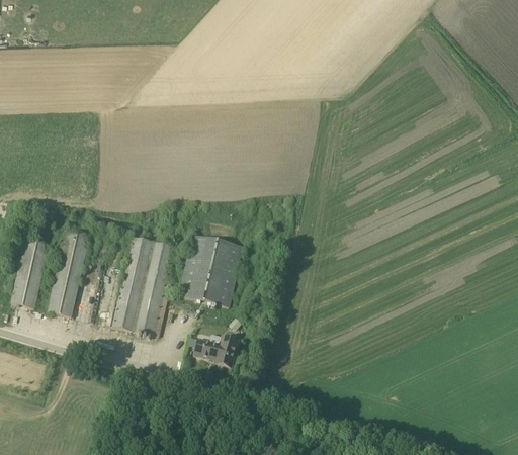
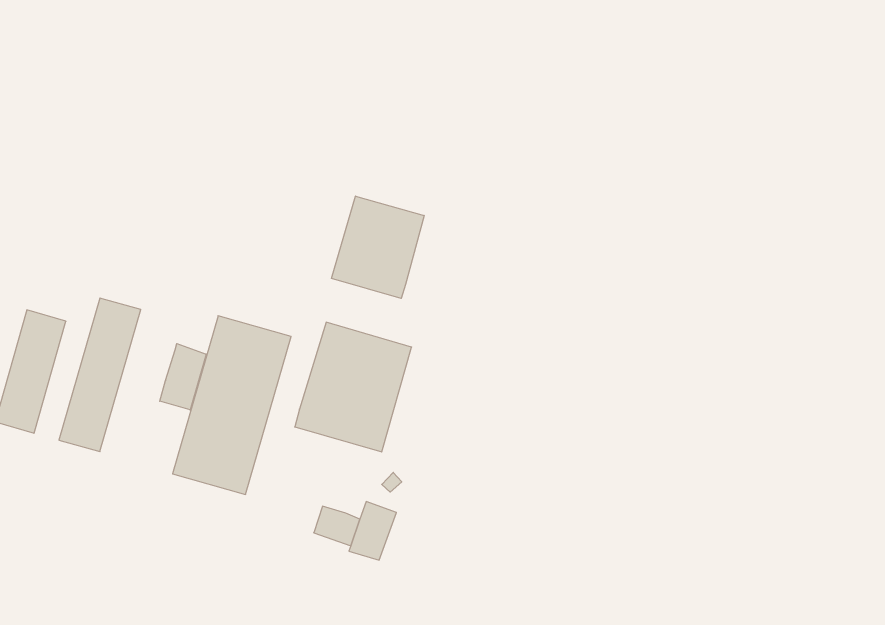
building: none -> [331,196,424,298]
building: none -> [160,344,206,410]

